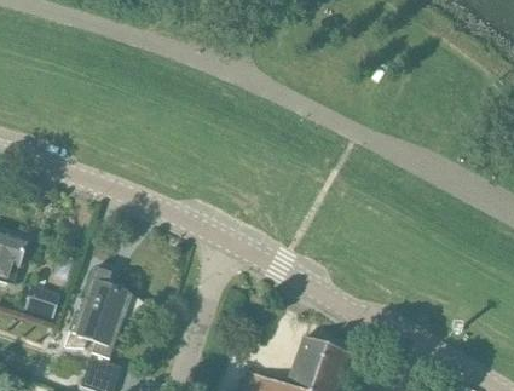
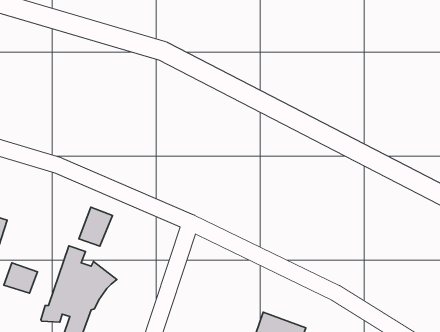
building: none -> [79,207,113,246]

